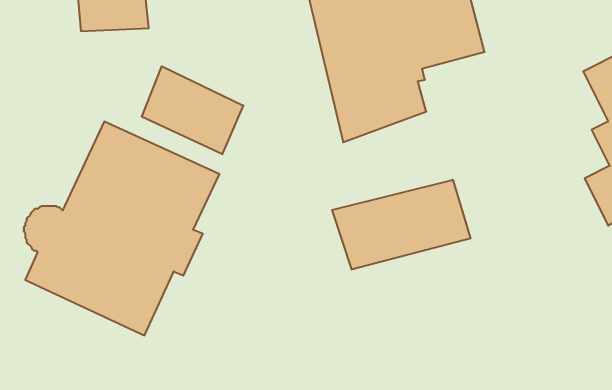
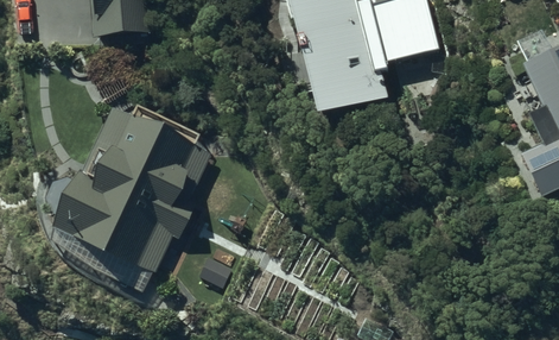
building: [142,66,243,154] -> none
building: [332,180,470,270] -> none

